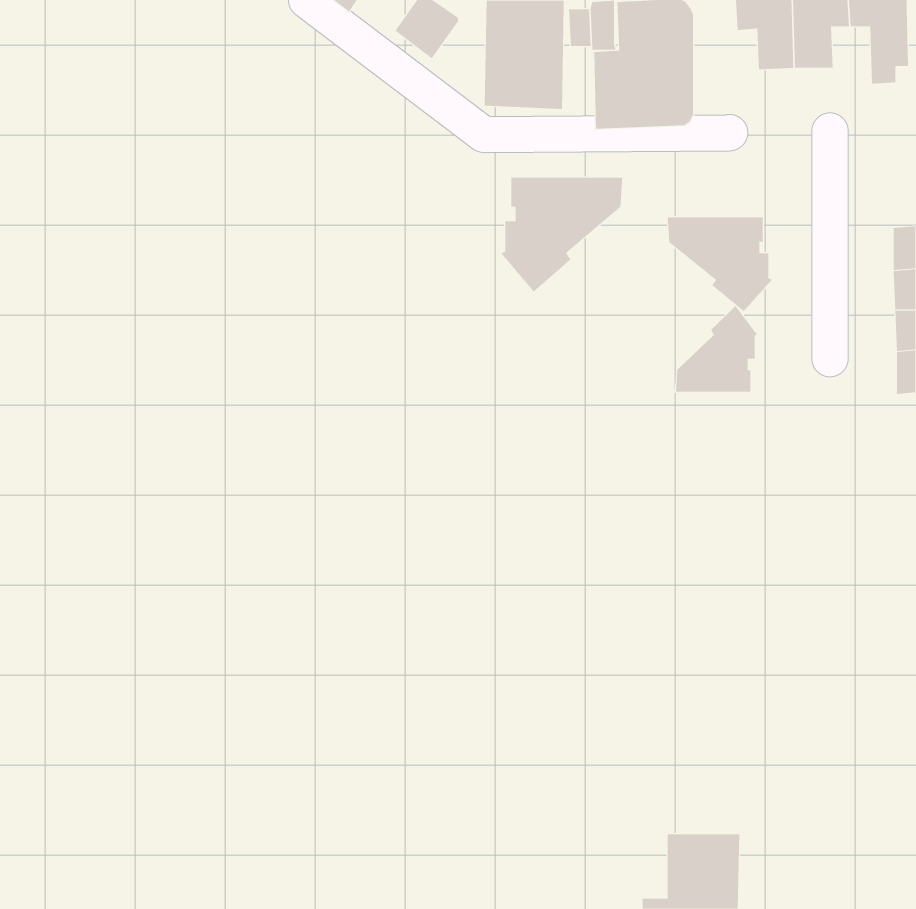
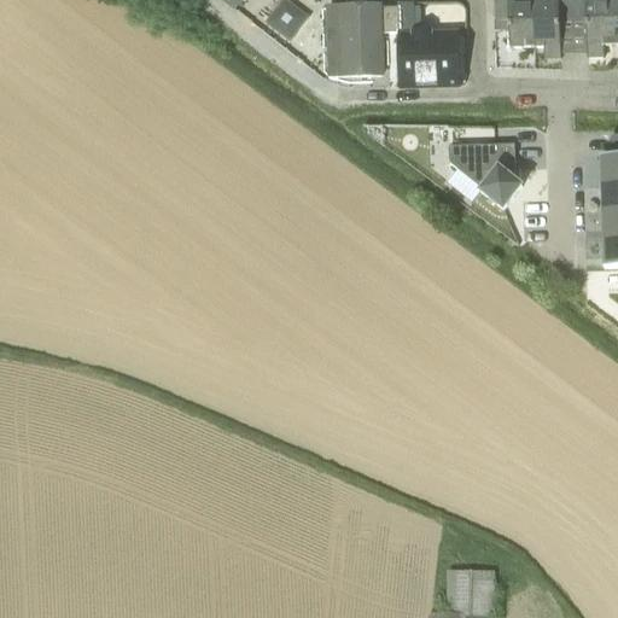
building: [501,177,623,293] -> none
building: [676,305,758,392] -> none

